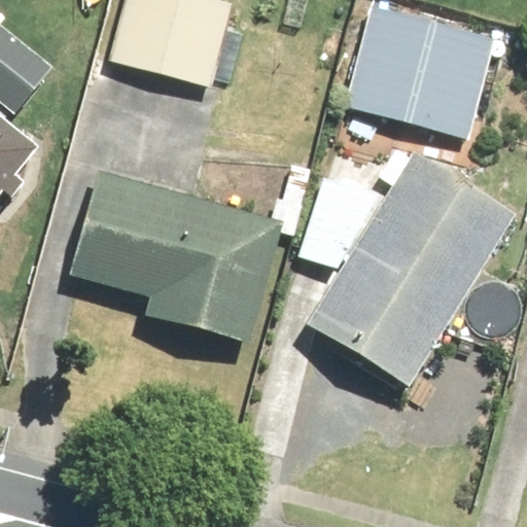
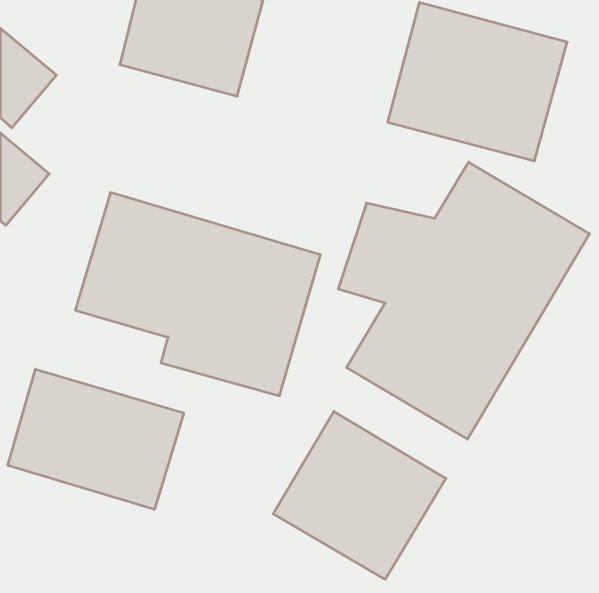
building: none -> [8,369,184,509]
building: none -> [273,411,446,579]

